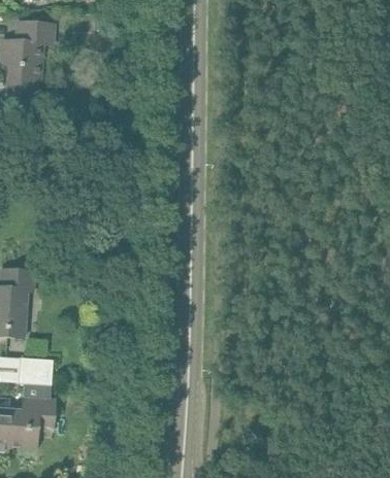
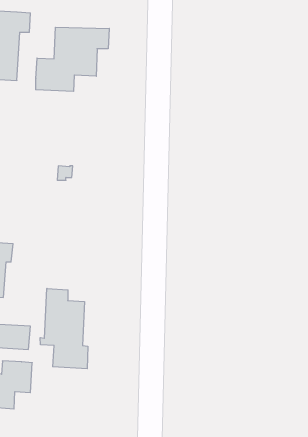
building: none -> [36,27,109,91]
building: none -> [40,288,88,369]

